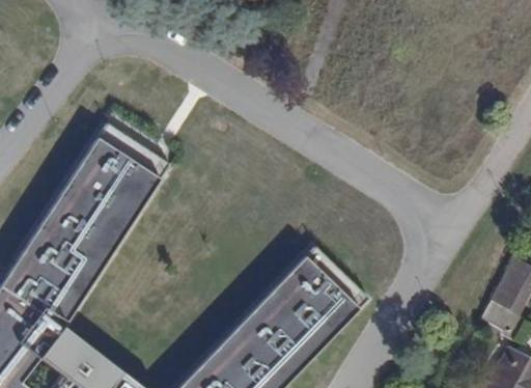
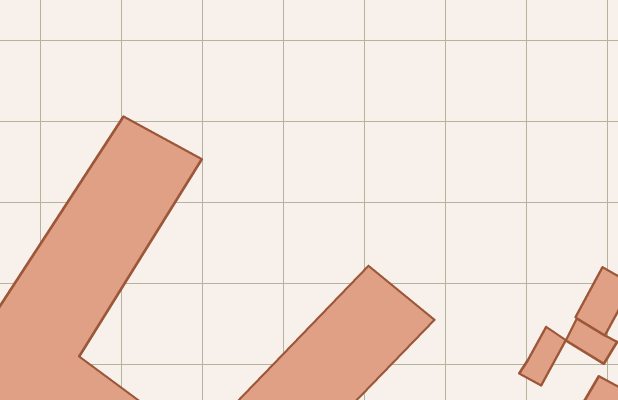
building: none -> [519,327,566,385]

